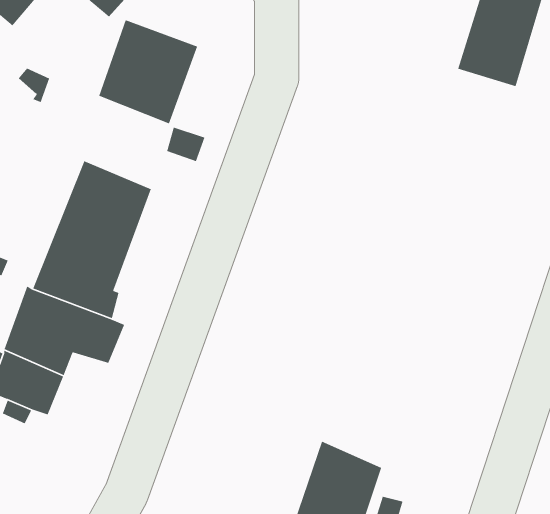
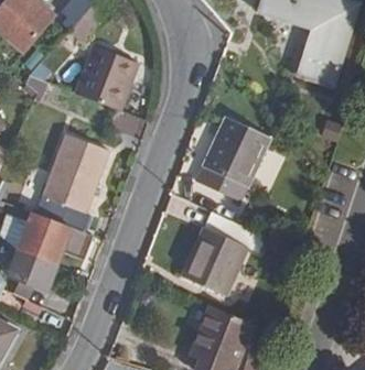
building: none -> [195,119,268,202]
building: none -> [182,213,265,297]

